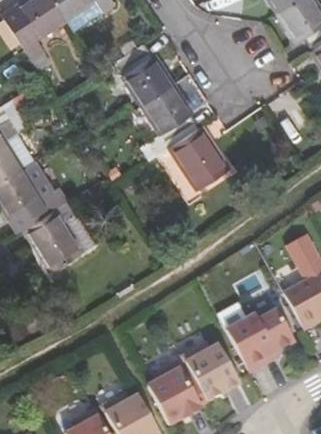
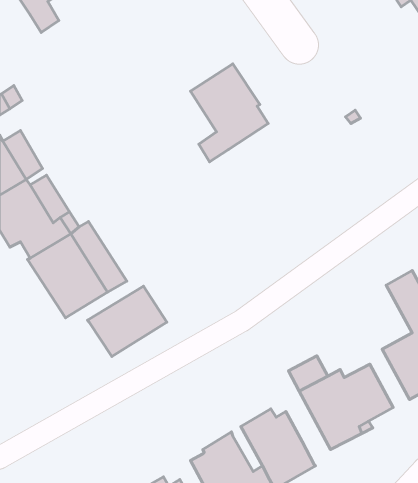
building: [115,42,174,104] -> none
building: [171,127,230,189] -> none
building: none -> [87,286,167,357]

